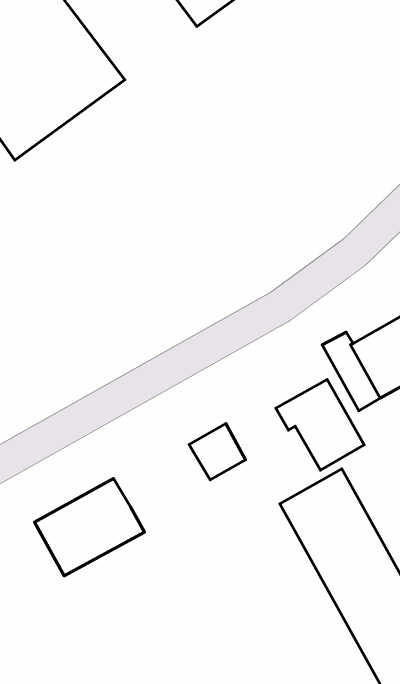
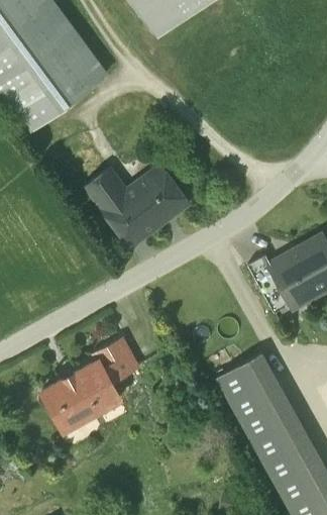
building: none -> [85,168,188,249]
building: [276,379,364,470] -> none
building: [189,423,245,480] -> [95,341,135,382]

